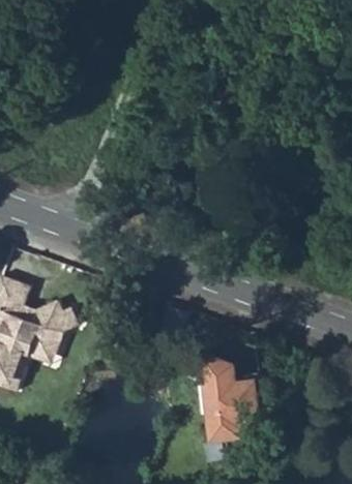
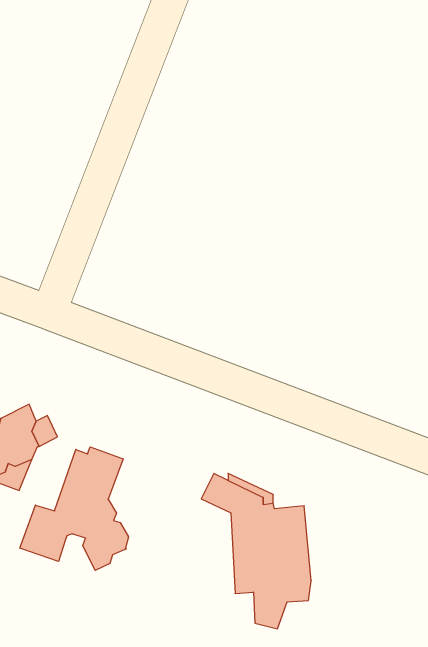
building: none -> [20,447,129,570]

